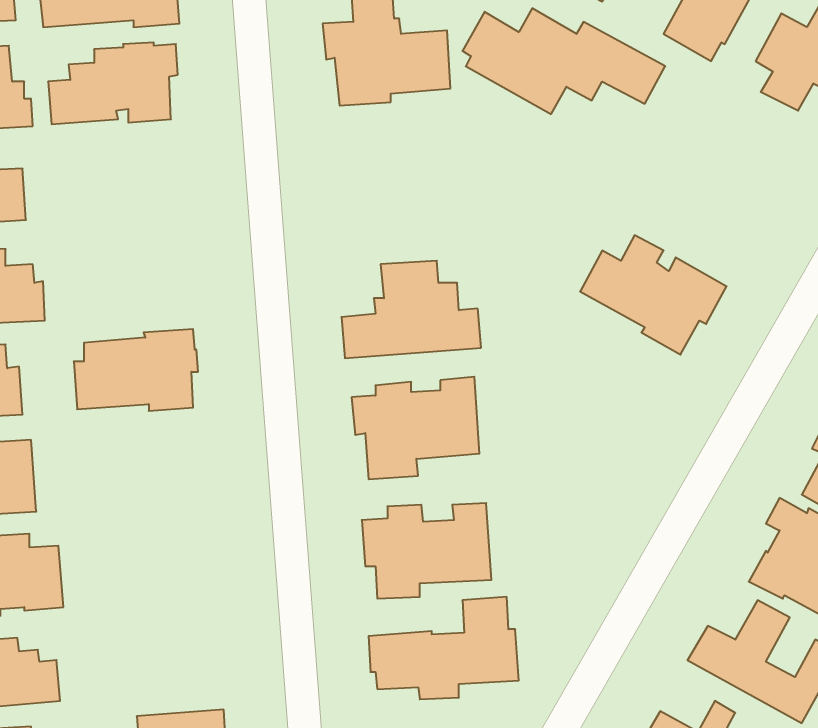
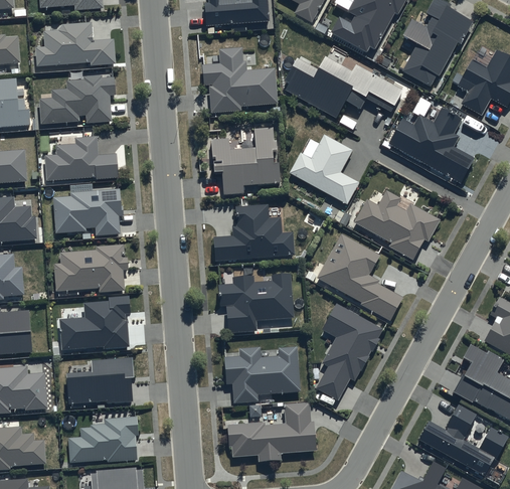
building: none -> [387,108,475,184]
building: none -> [210,127,280,195]
building: none -> [289,135,358,204]
building: none -> [44,136,119,181]
building: none -> [53,189,122,235]
building: none -> [316,233,402,322]
building: none -> [59,296,131,350]
building: none -> [316,304,384,401]
building: none -> [66,357,134,404]
building: none -> [68,417,138,463]

